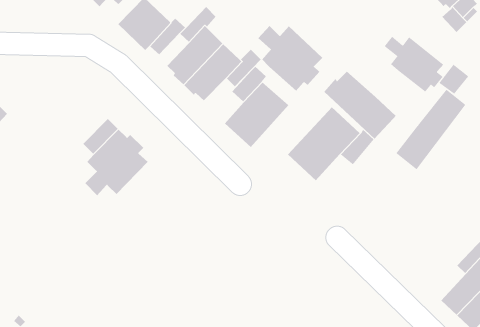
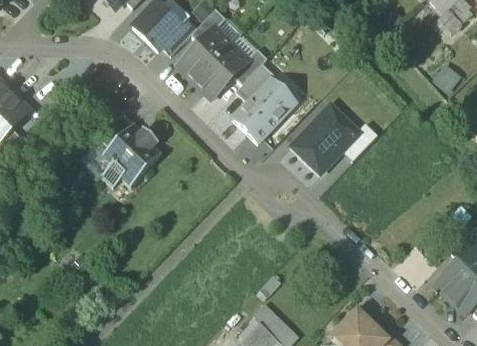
building: [258,25,323,92] -> none
building: [384,36,444,93] -> none
building: [323,71,396,139] -> none
building: [396,89,466,170] -> none

